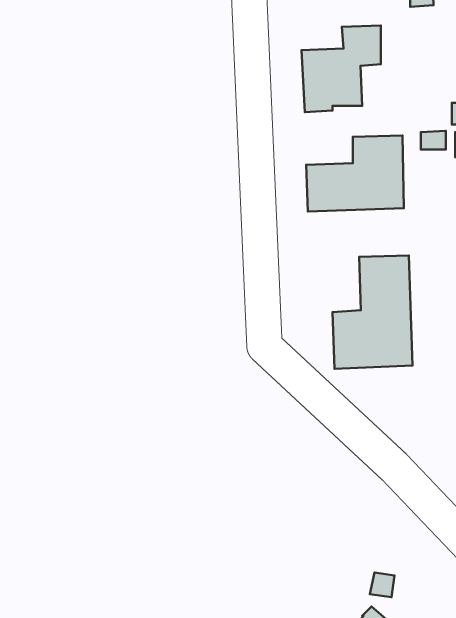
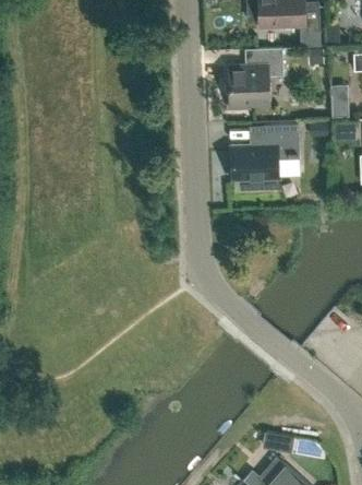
building: [333,255,412,369] -> none

